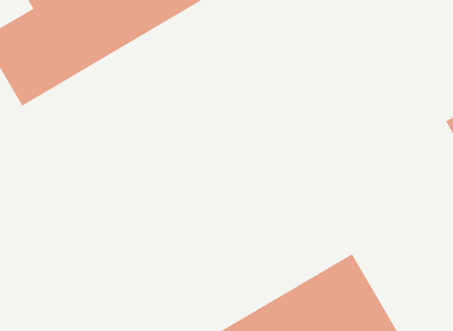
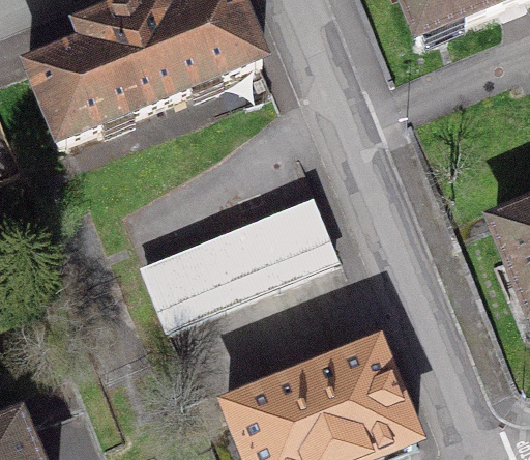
building: none -> [145,200,333,324]

